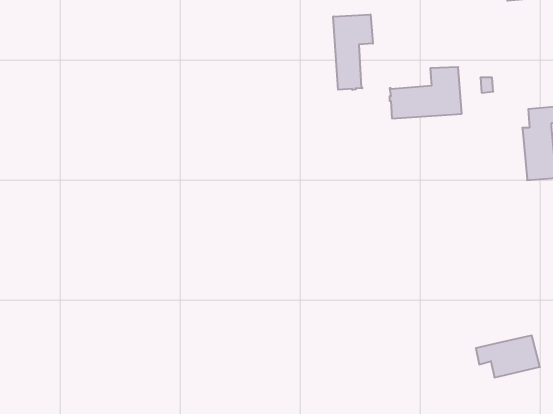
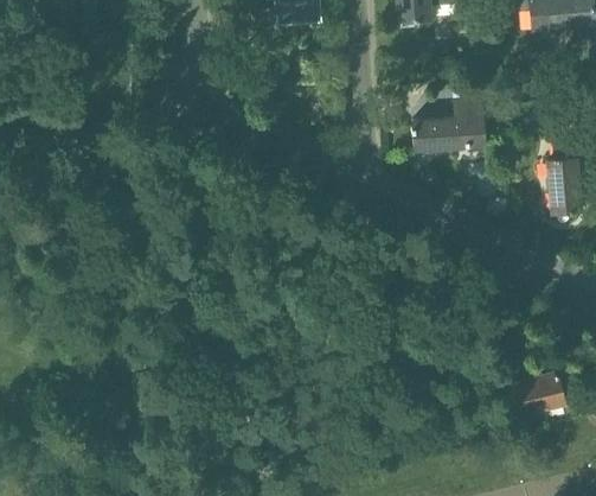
building: [333,14,373,90] -> none

